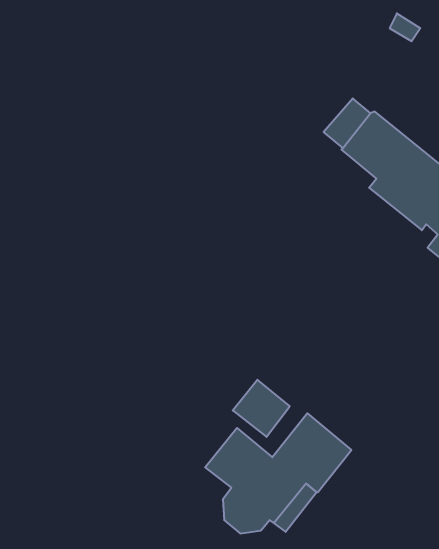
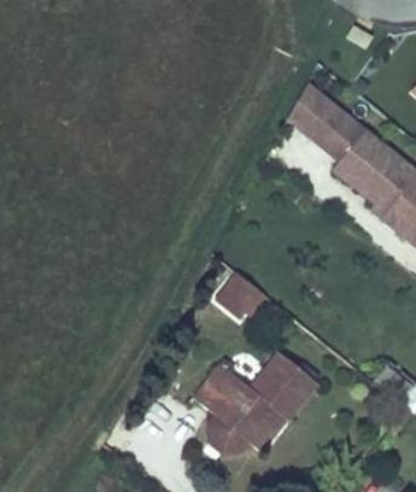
building: [233,380,290,437] -> [218,271,265,318]

